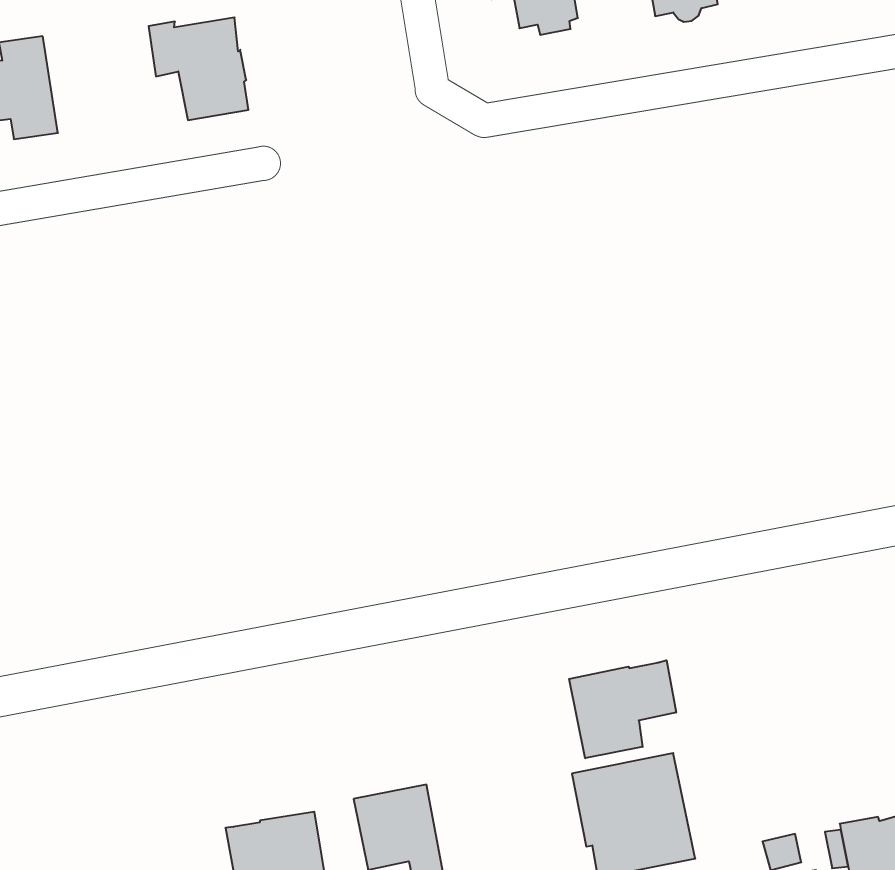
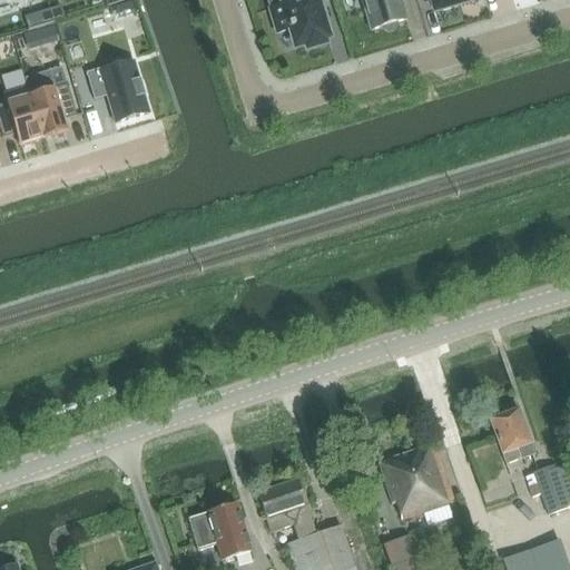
building: none -> [28,78,77,138]
building: [569,660,676,758] -> none
building: none -> [490,409,535,463]

